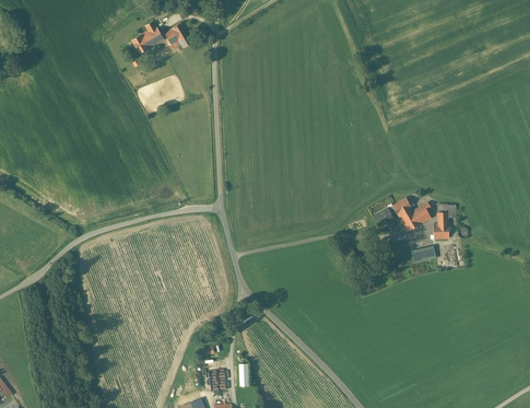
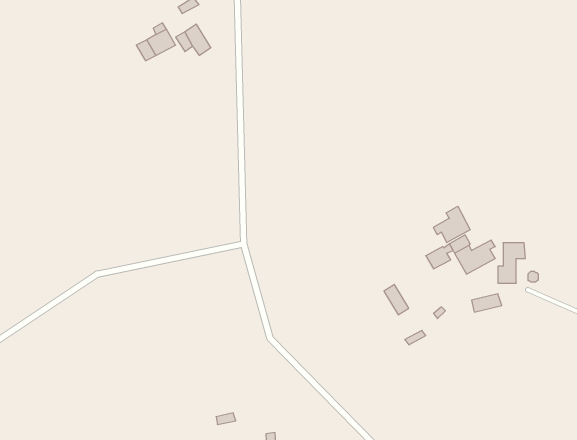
building: none -> [433,206,470,243]

